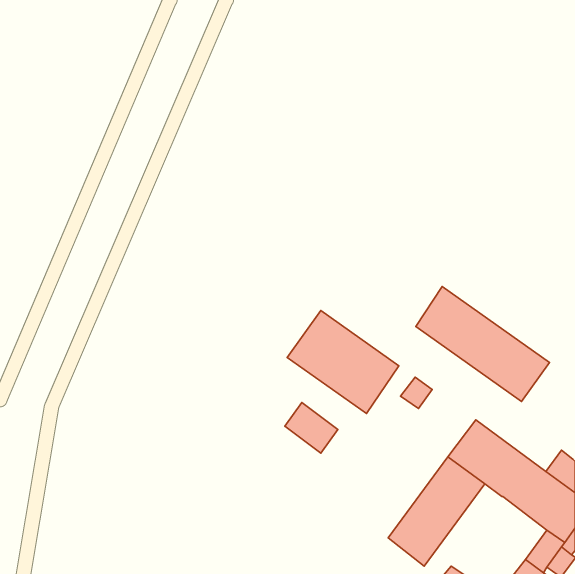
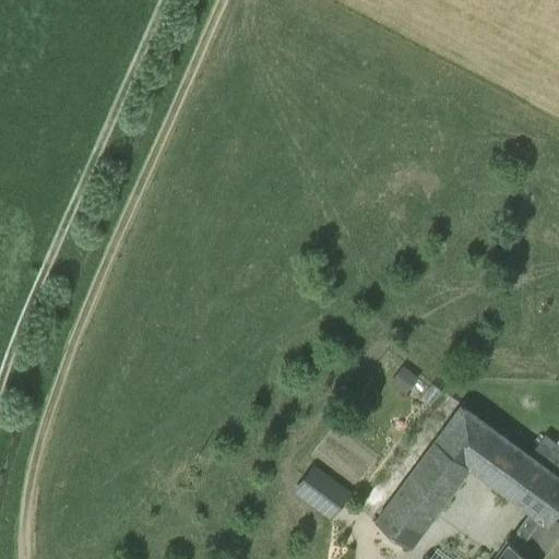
building: [416,287,550,401] -> none
building: [287,310,399,414] -> none
building: [285,403,338,453] -> [297,468,348,518]

